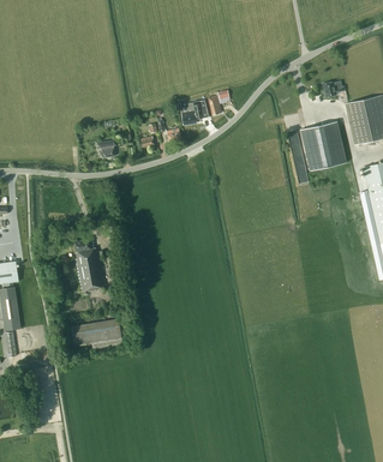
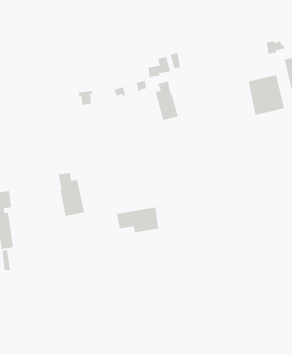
building: none -> [155,80,179,121]
building: [71,318,122,349] -> [116,207,159,233]

